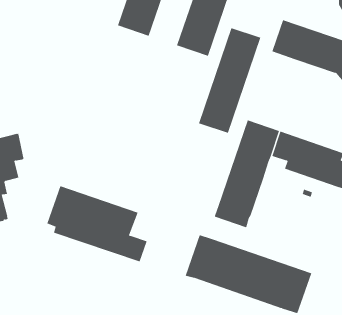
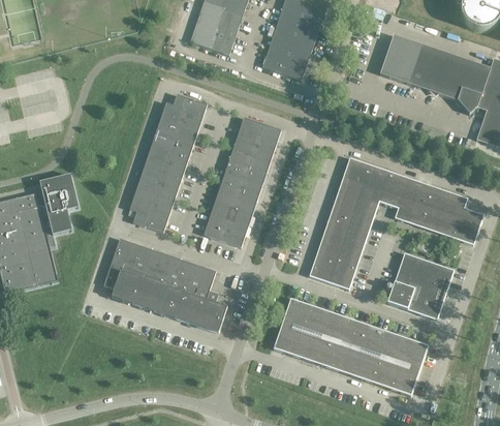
building: [198,27,261,134] -> [204,117,281,247]
building: none -> [127,94,207,233]
building: none -> [386,252,455,320]

